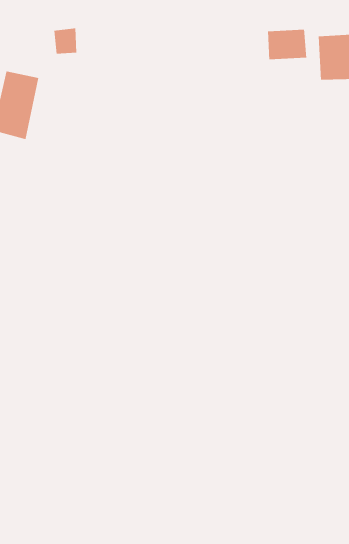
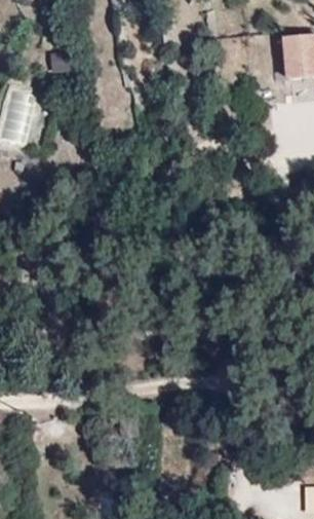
building: [267,29,307,60] -> none

